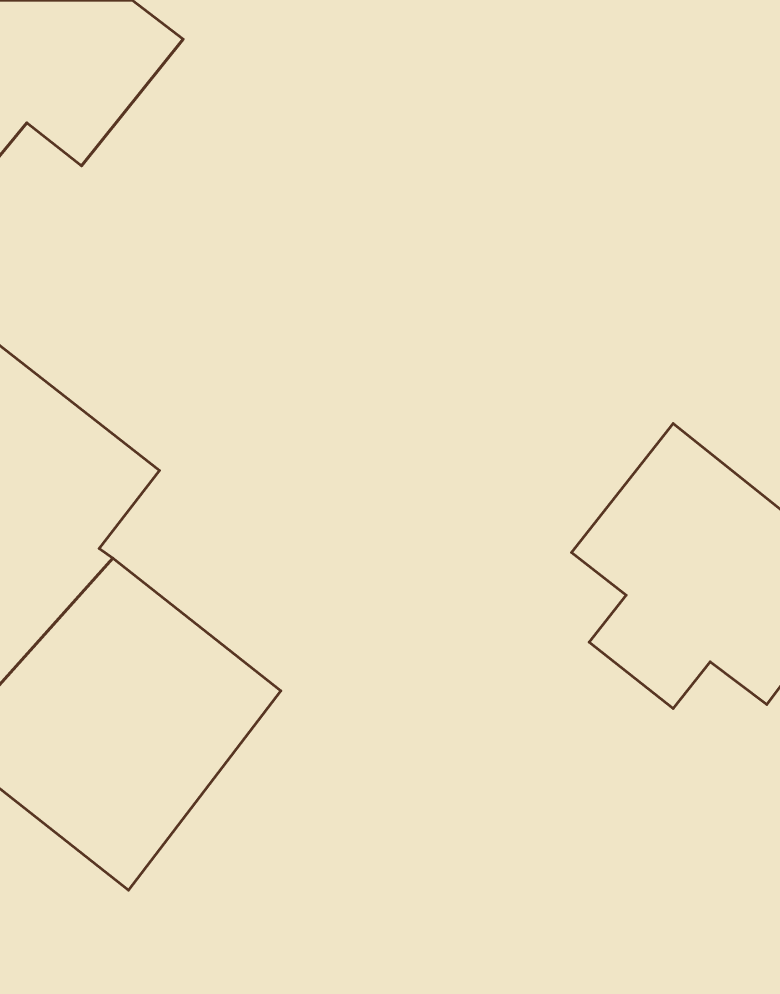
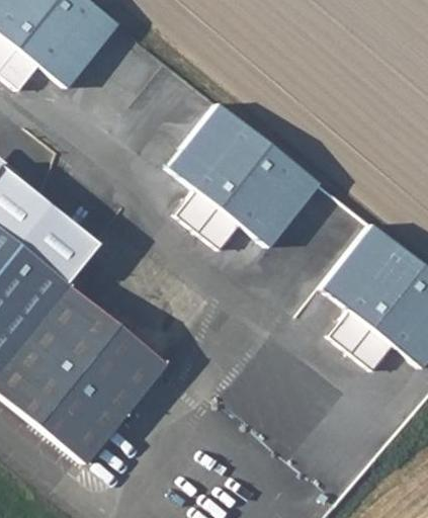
building: none -> [166,100,320,248]

